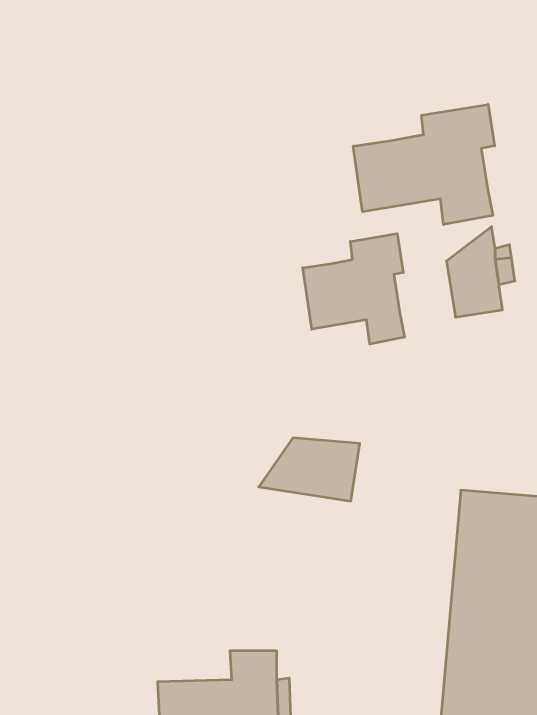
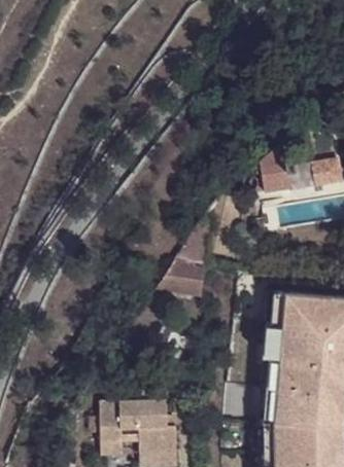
building: [353,104,495,225] -> none
building: [303,234,404,344] -> none

